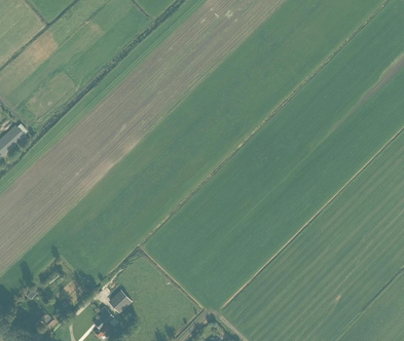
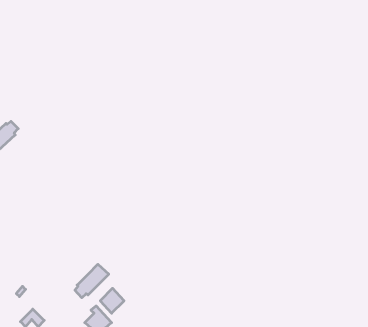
building: none -> [75,264,109,298]

